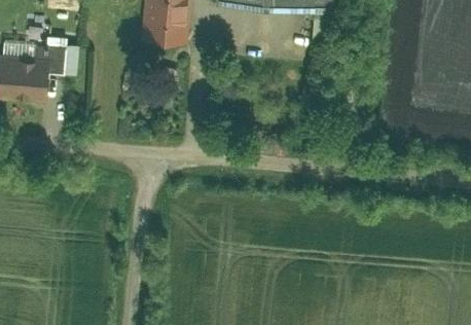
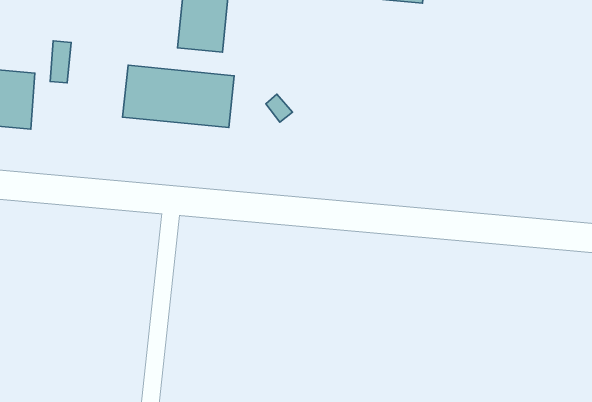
building: none -> [123,65,234,128]

